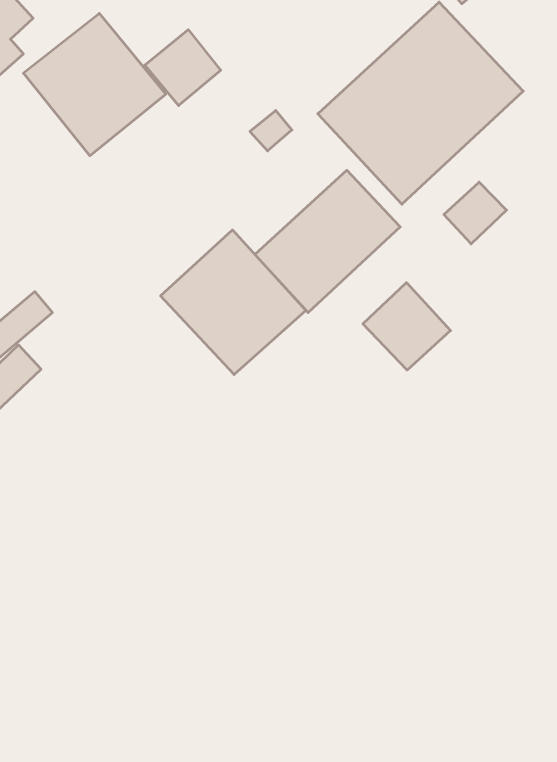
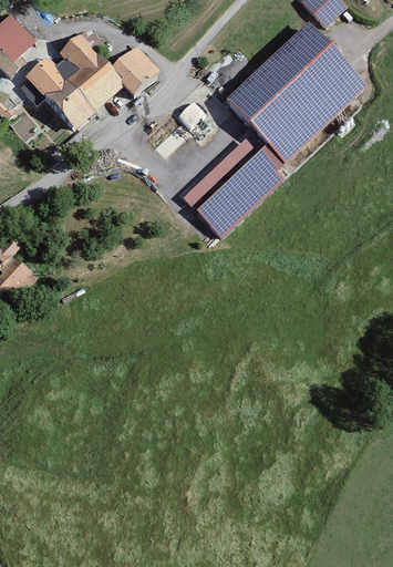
building: [444,182,507,244] -> none
building: [161,230,306,375] -> none
building: [363,283,451,370] -> none

